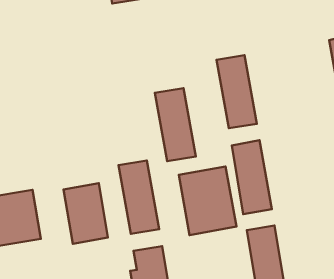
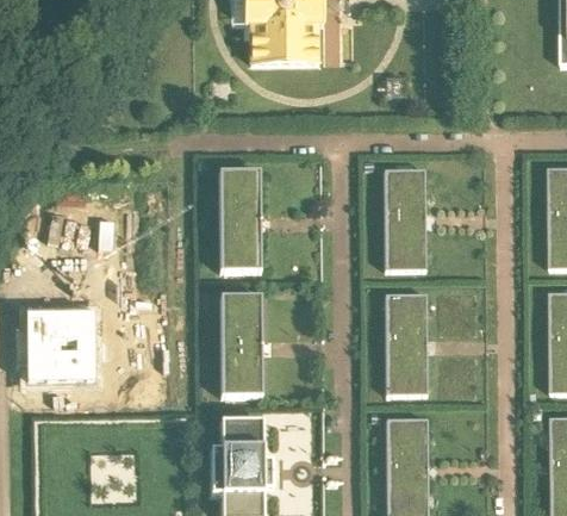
building: [155,88,196,161] -> [219,170,262,271]
building: [179,166,236,235] -> none
building: [64,183,108,244] -> none

